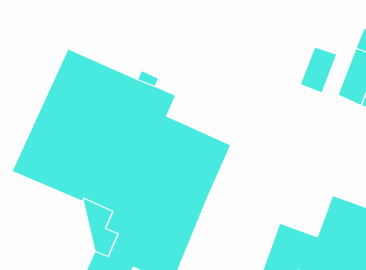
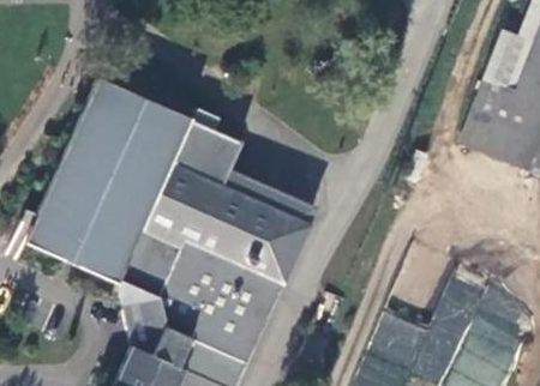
building: [300,47,337,93] -> none

